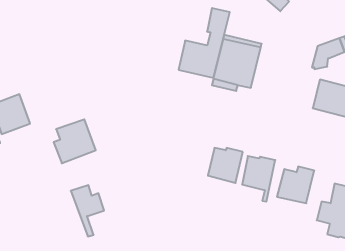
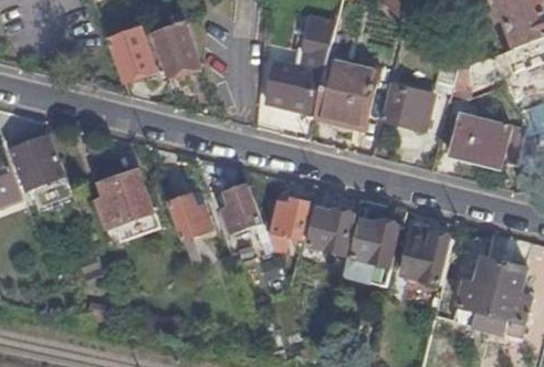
building: none -> [153,21,200,74]
building: none -> [106,25,156,80]
building: none -> [379,84,425,127]
building: none -> [215,185,260,235]
building: none -> [264,198,307,251]
building: [71,185,104,236] -> [167,193,212,263]

